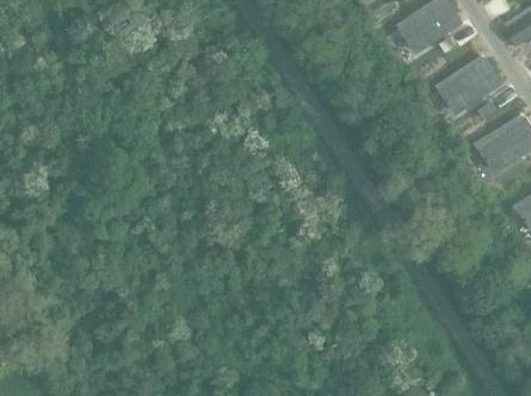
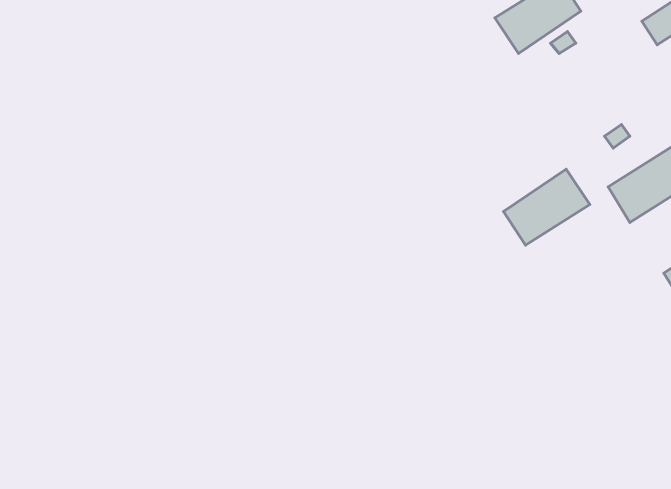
building: [439,57,500,111] -> [504,169,590,245]

